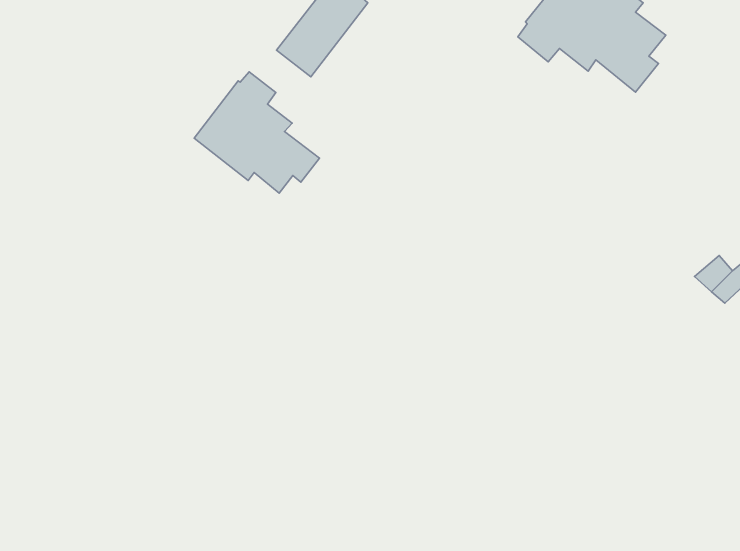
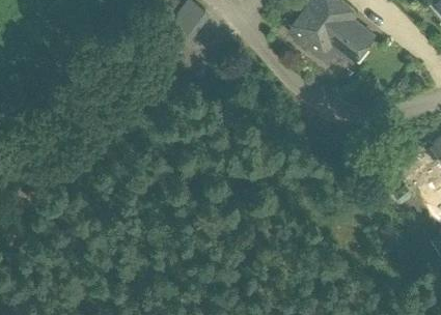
building: [194,72,319,193] -> none

